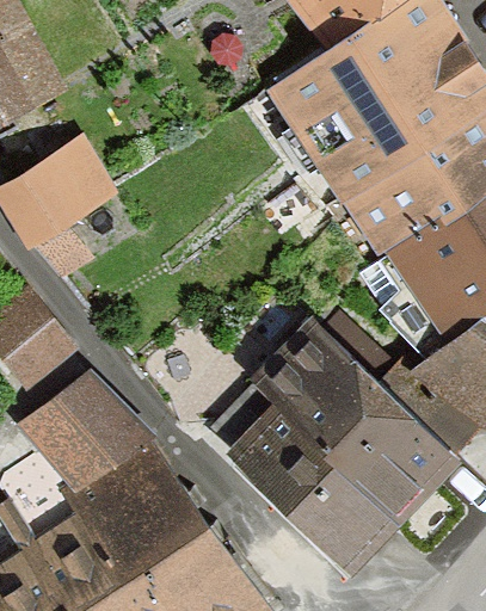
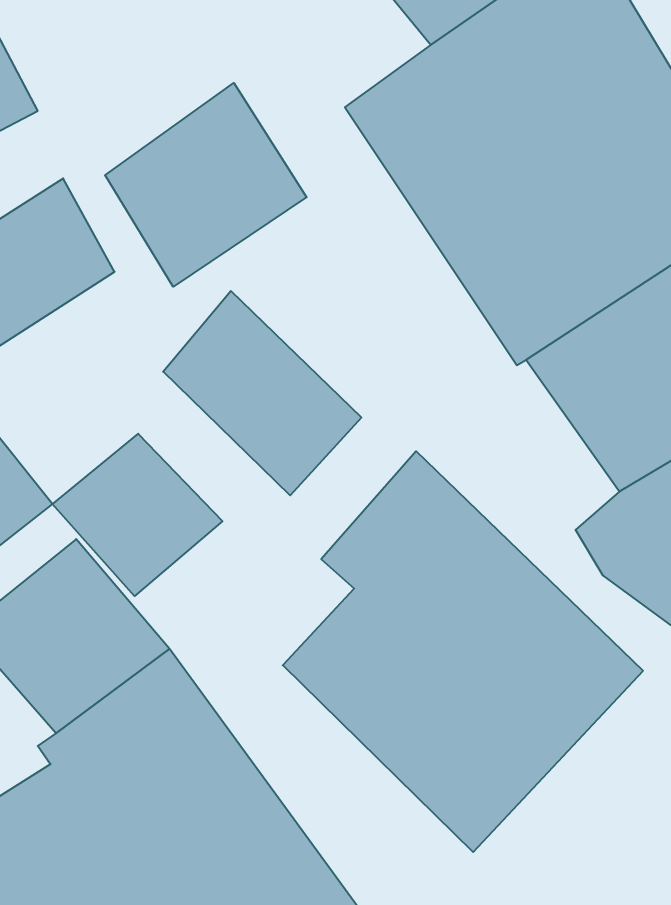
building: none -> [105,83,307,287]
building: none -> [163,291,361,495]
building: none -> [52,434,222,596]

